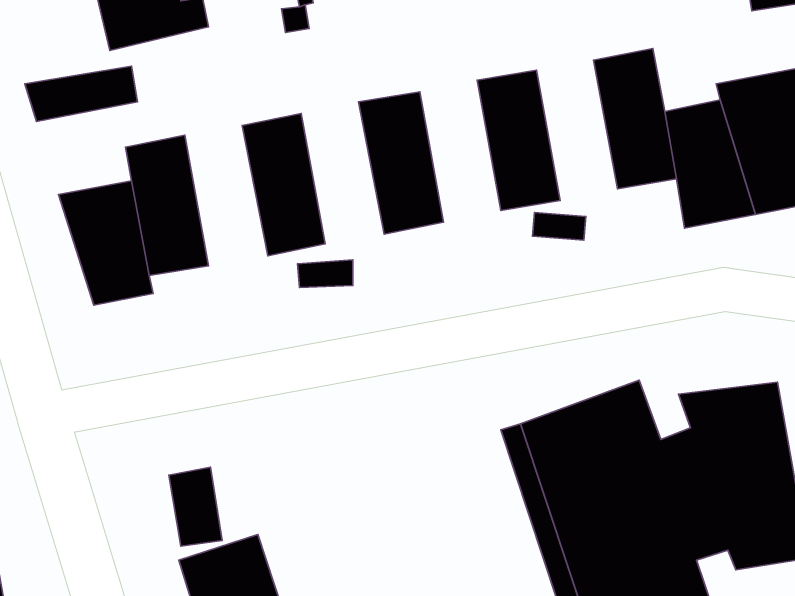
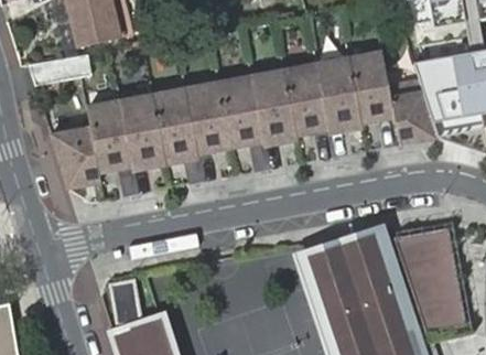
building: none -> [315,52,360,130]
building: none -> [250,63,295,142]
building: none -> [184,75,230,154]
building: none -> [119,88,165,166]

